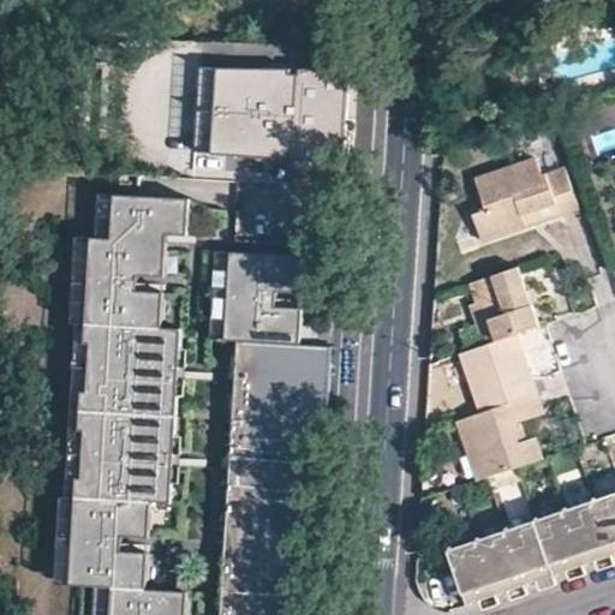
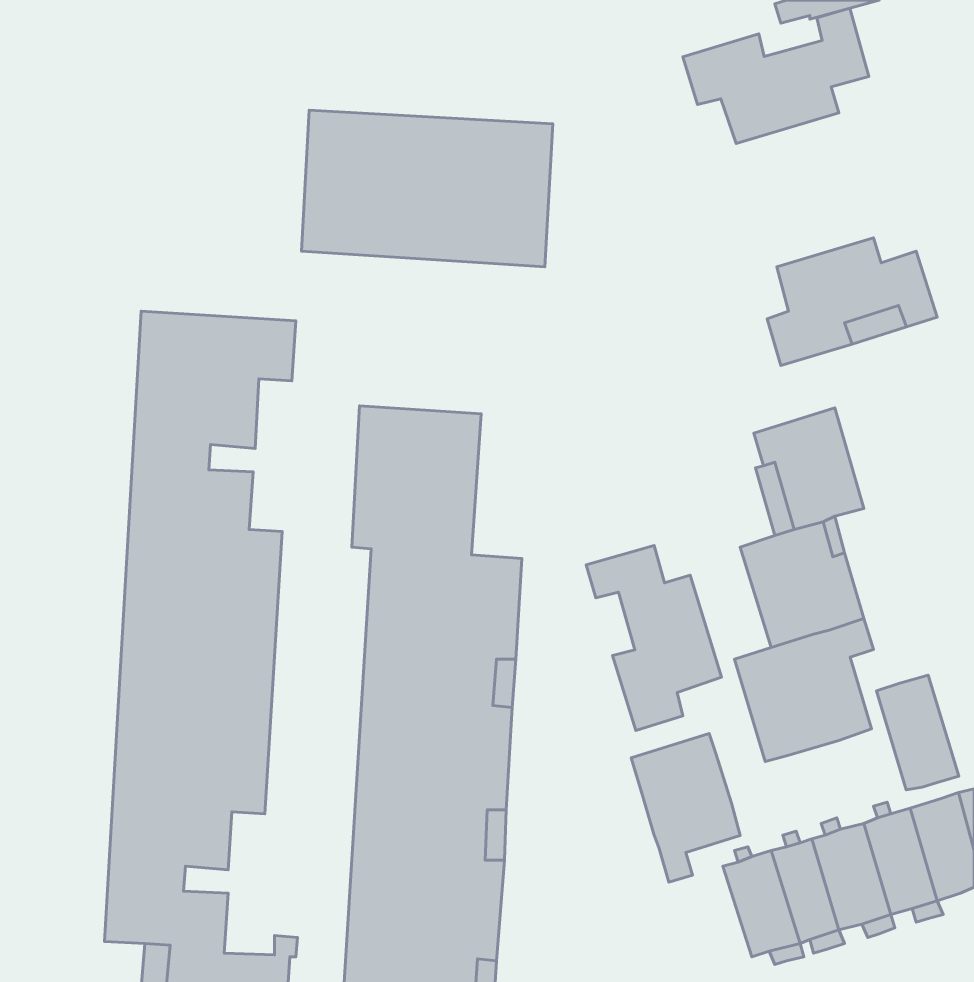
building: none -> [683,8,869,143]
building: none -> [586,546,721,731]
building: none -> [877,675,959,790]
building: none -> [631,733,740,882]

